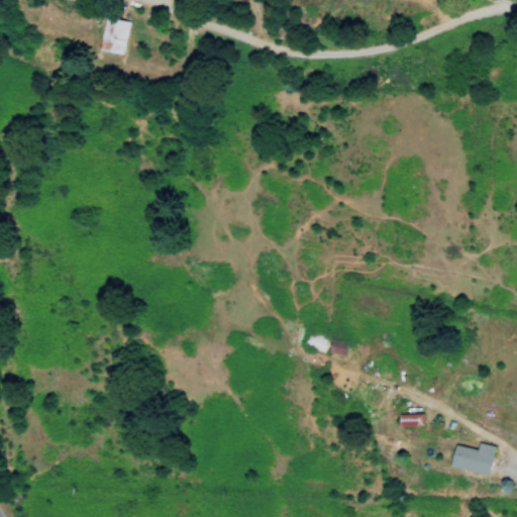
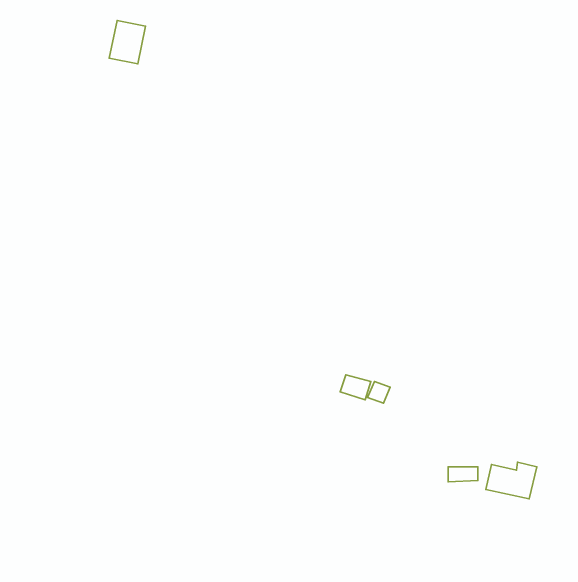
building: [451,443,497,476] -> [486,462,537,499]

